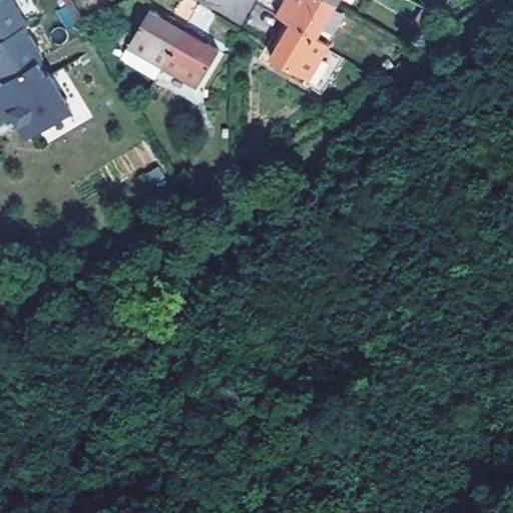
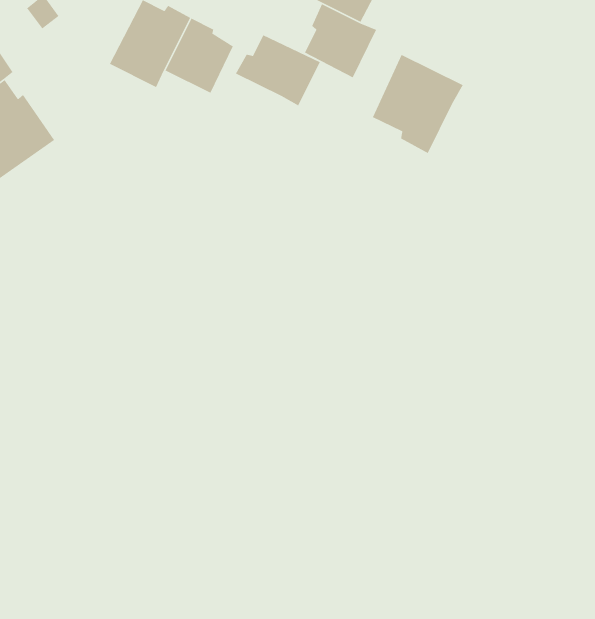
building: none -> [235,34,321,107]
building: none -> [372,54,464,154]

